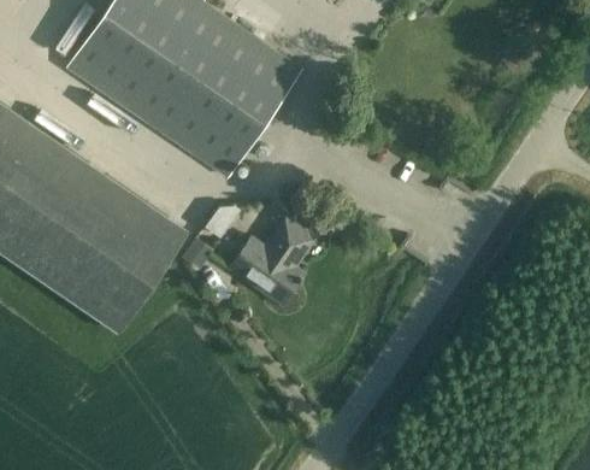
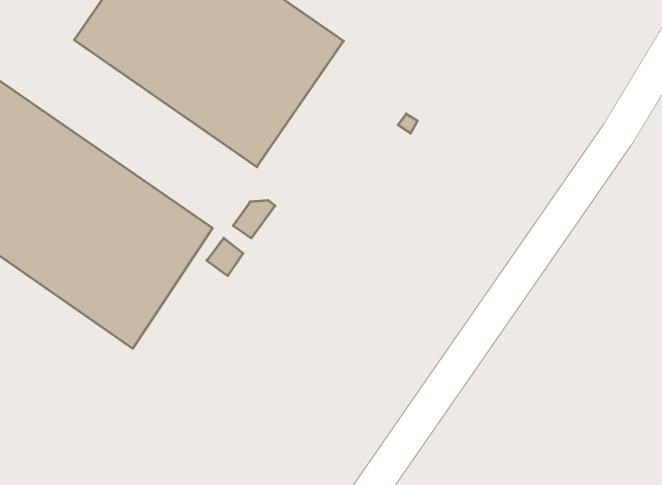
building: [231,217,314,305] -> none

